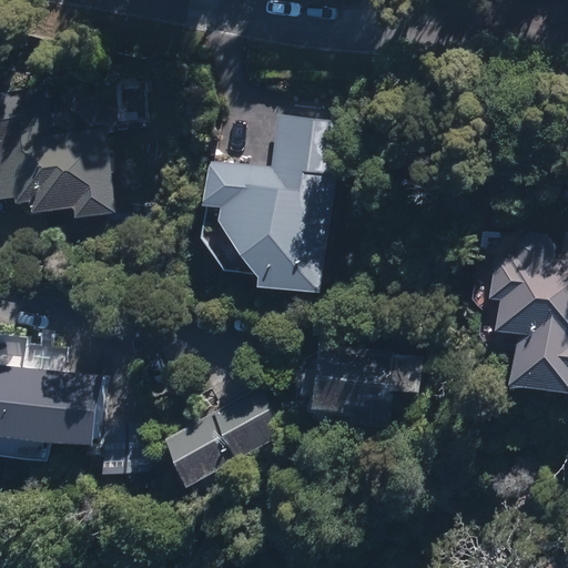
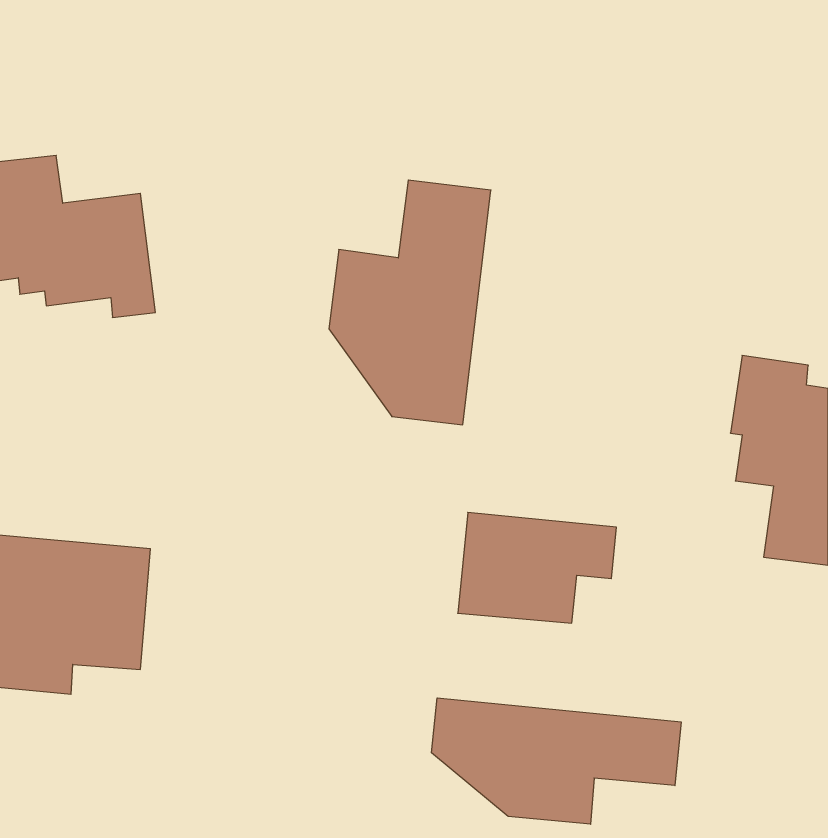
building: [168,396,274,483] -> none
building: none -> [432,698,681,824]

